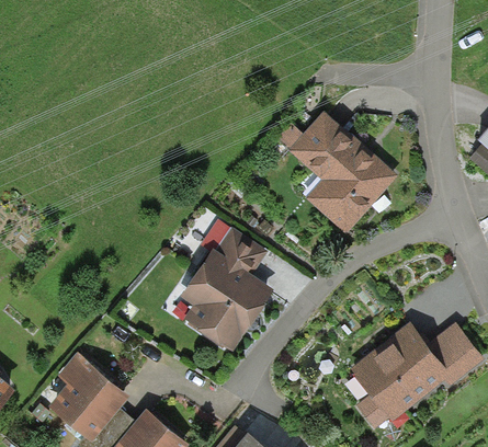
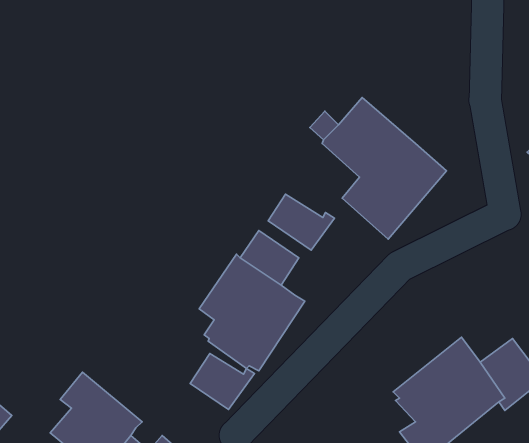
building: none -> [268,194,335,250]
building: none -> [190,353,255,409]

